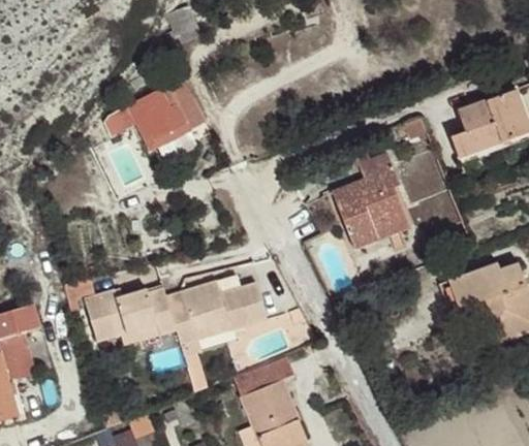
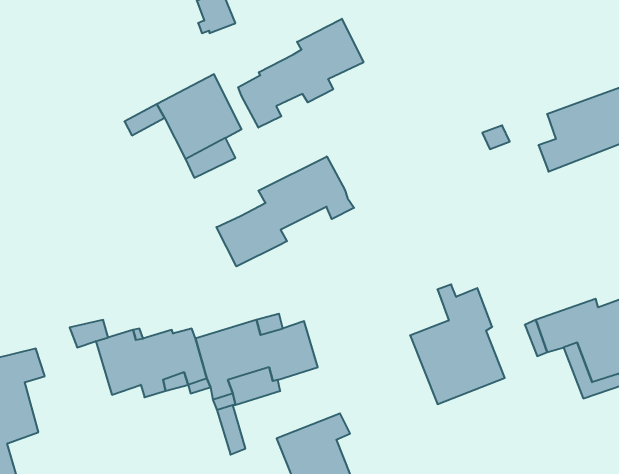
building: none -> [238,19,363,128]
building: none -> [216,156,354,266]
building: [332,149,410,248] -> [410,284,505,404]

